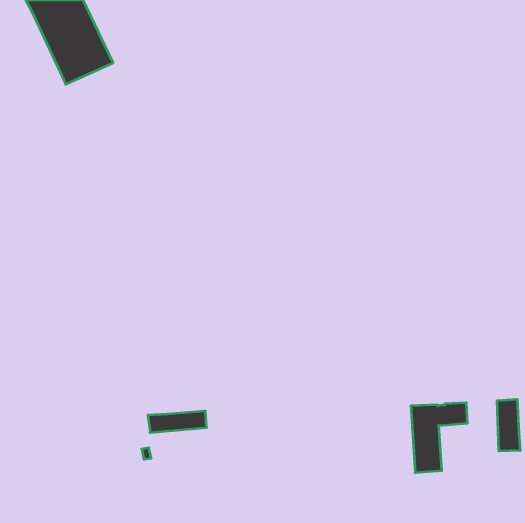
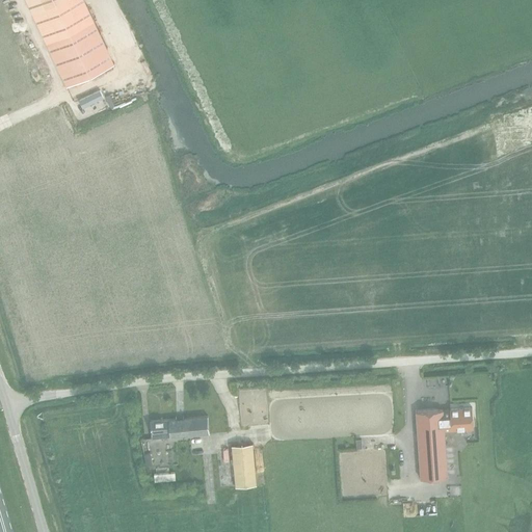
building: [497,399,520,451] -> none
building: none -> [232,445,257,488]

